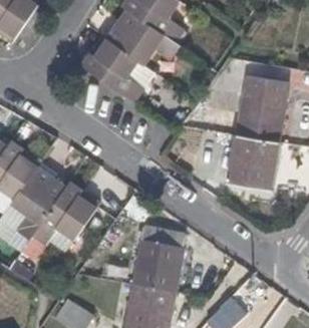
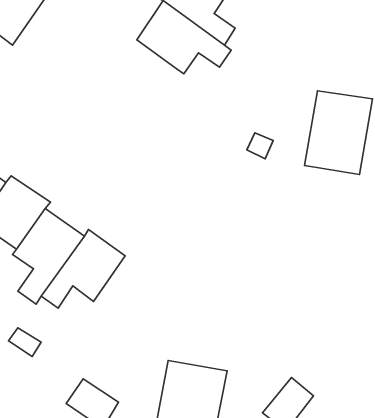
building: [81,35,141,100] -> none
building: [225,133,278,207] -> none
building: [131,237,185,291] -> none

